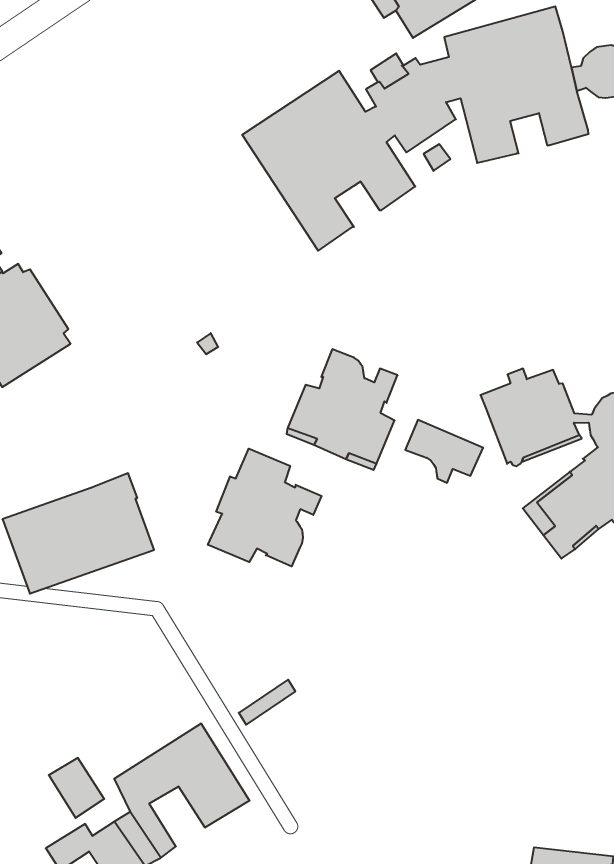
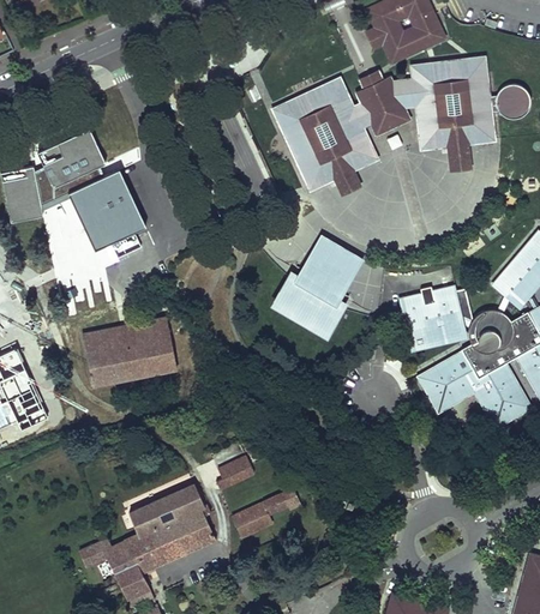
building: none -> [445,122,472,170]
building: none -> [325,150,361,194]
building: [405,420,483,483] -> [310,237,360,281]
building: [208,449,322,566] -> none
building: none -> [233,488,301,536]
building: [49,758,104,818] -> [150,523,184,561]

